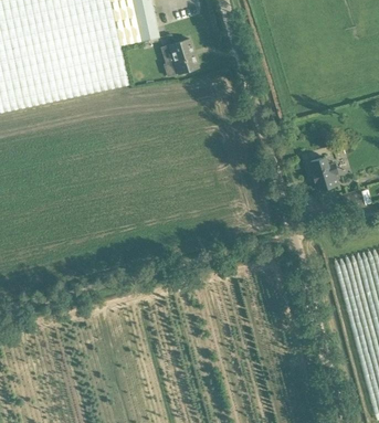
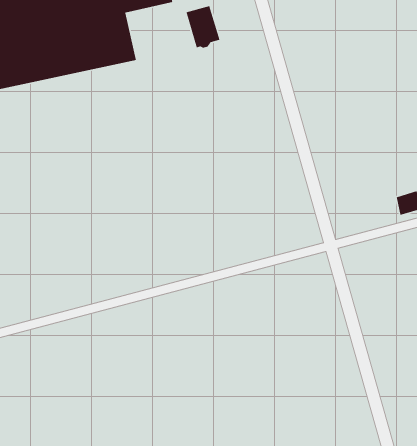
building: [305,158,335,192] -> none

